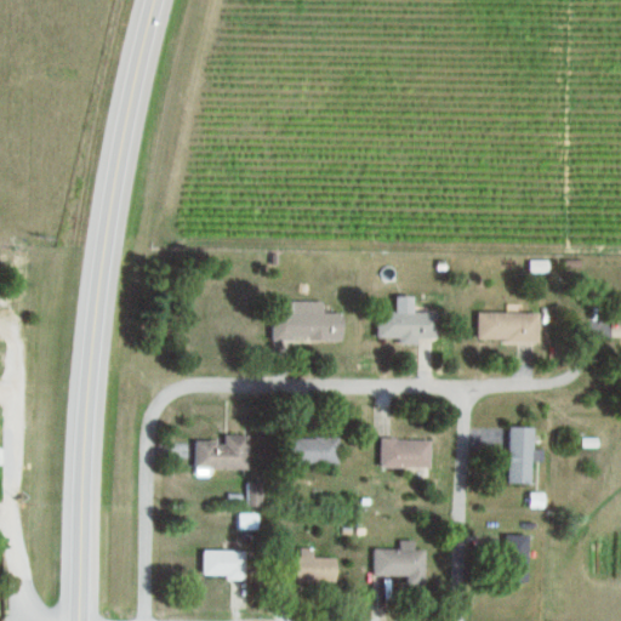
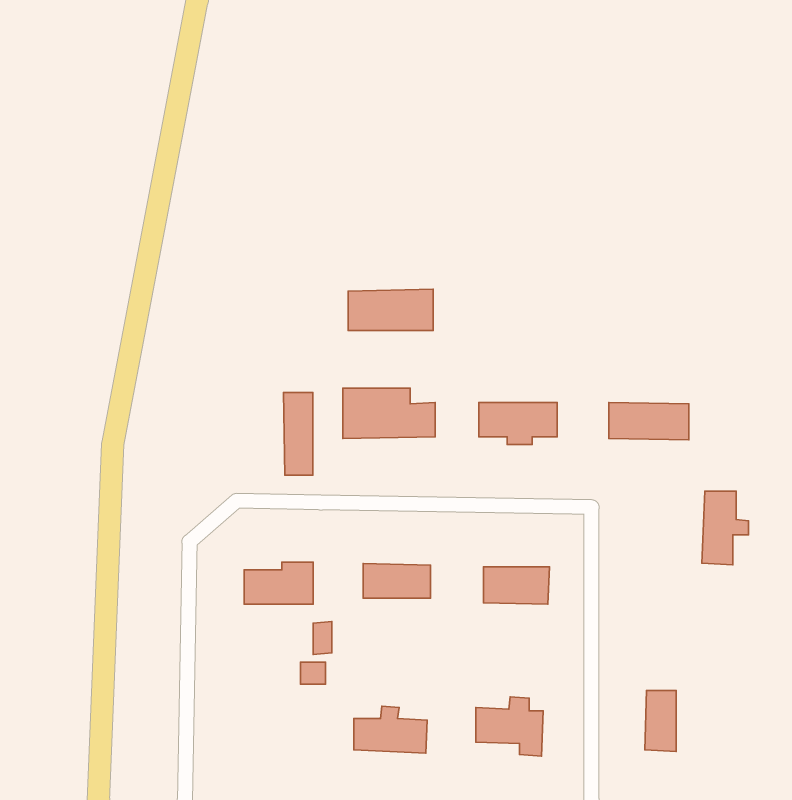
building: none -> [348,289,433,331]
building: none -> [284,392,313,475]
building: [508,427,545,484] -> [702,491,749,565]
building: [203,551,247,580] -> none

